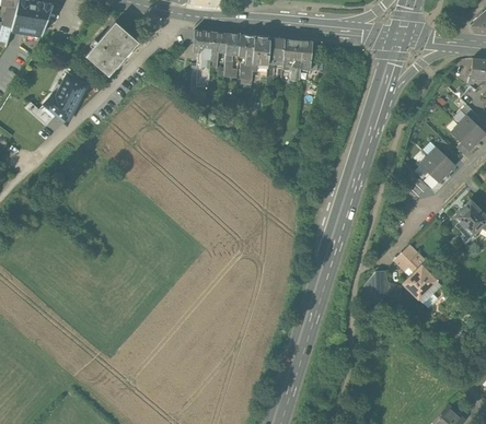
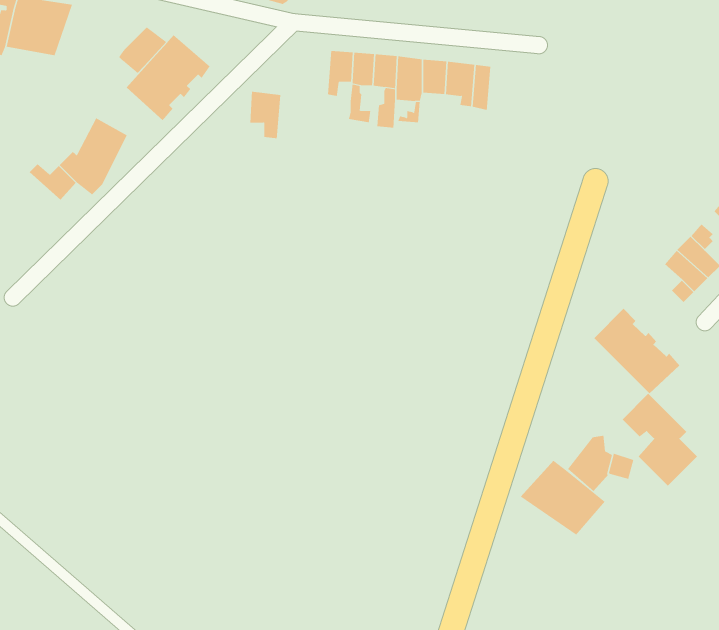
building: none -> [119,27,167,74]
building: [193,31,212,60] -> [249,91,281,139]
building: none -> [593,308,680,394]
building: none -> [520,460,606,536]

